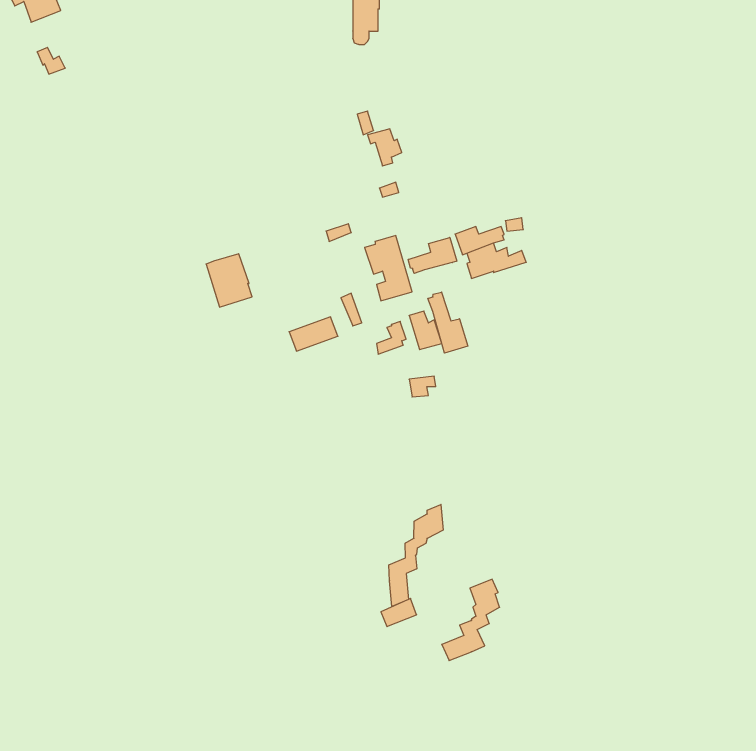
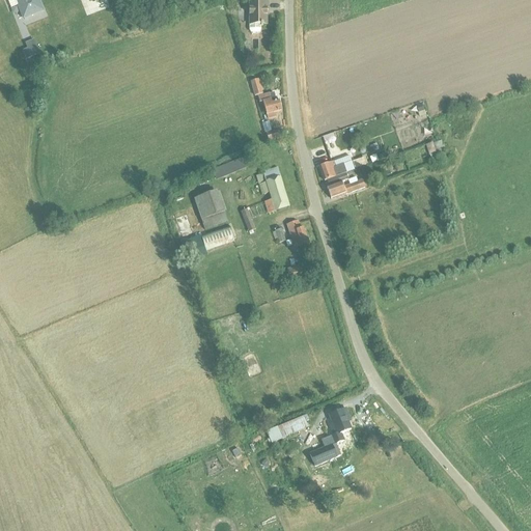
building: [408,237,457,273] -> none
building: [206,254,252,307] -> [194,189,226,226]
building: [428,292,468,353] -> none
building: [389,504,443,606] -> none

